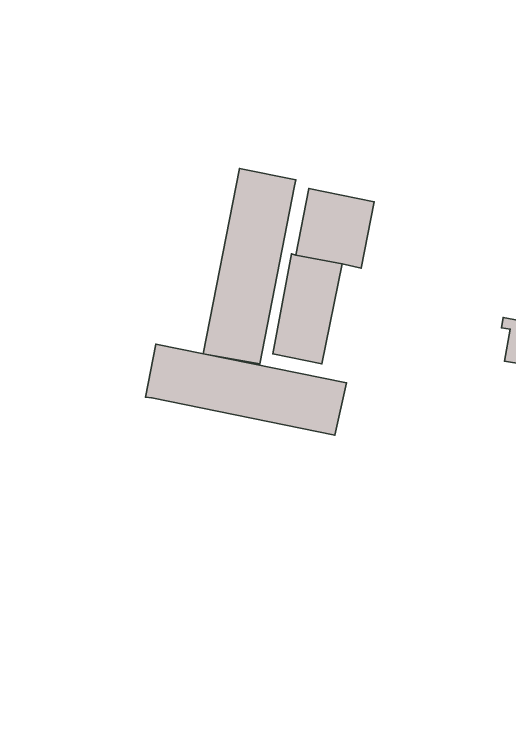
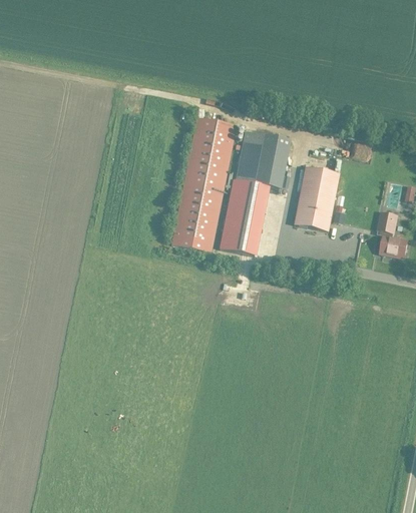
building: none -> [295,164,340,228]
building: [146,344,346,435] -> none

